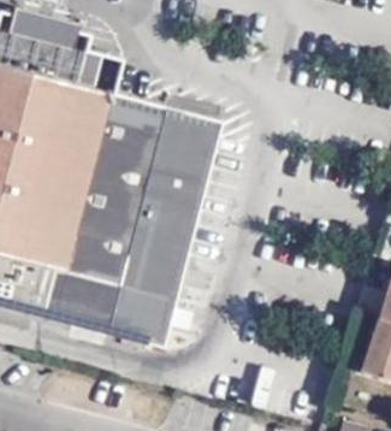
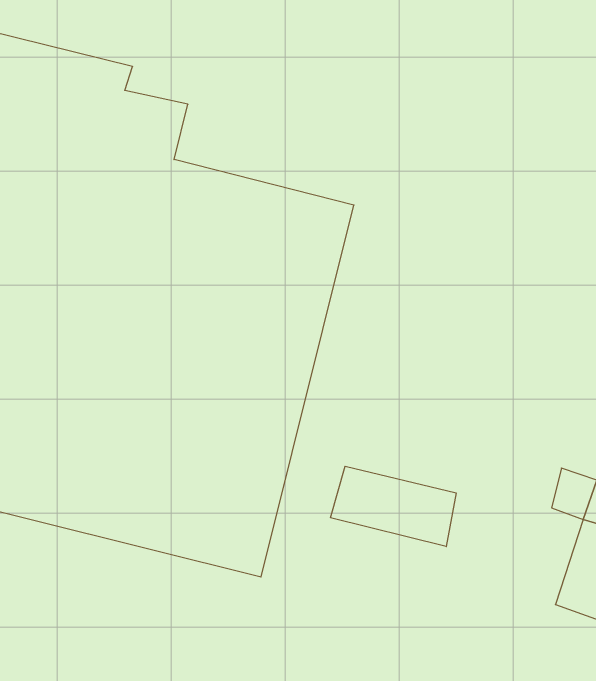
building: none -> [331,466,456,547]

